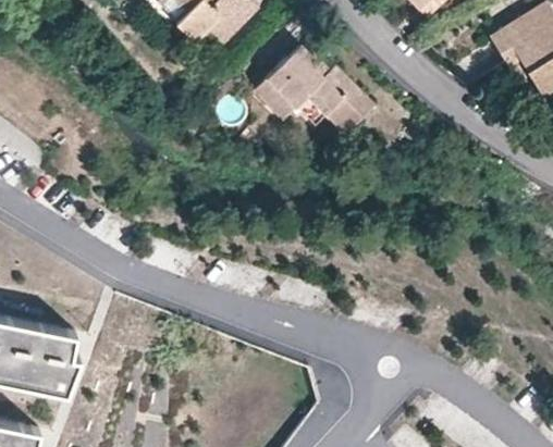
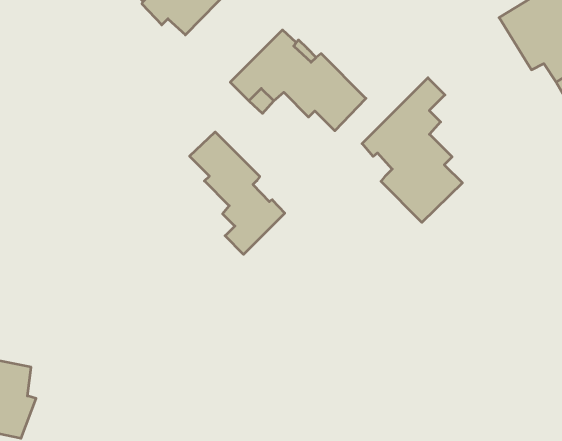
building: none -> [362,78,462,222]
building: none -> [190,132,285,254]

